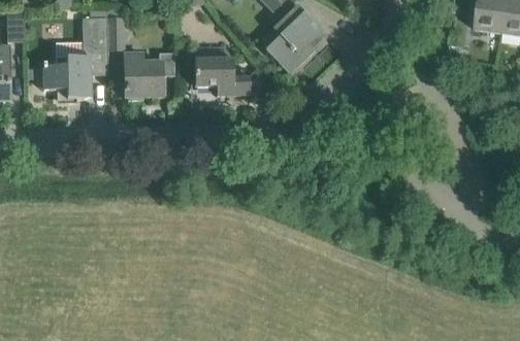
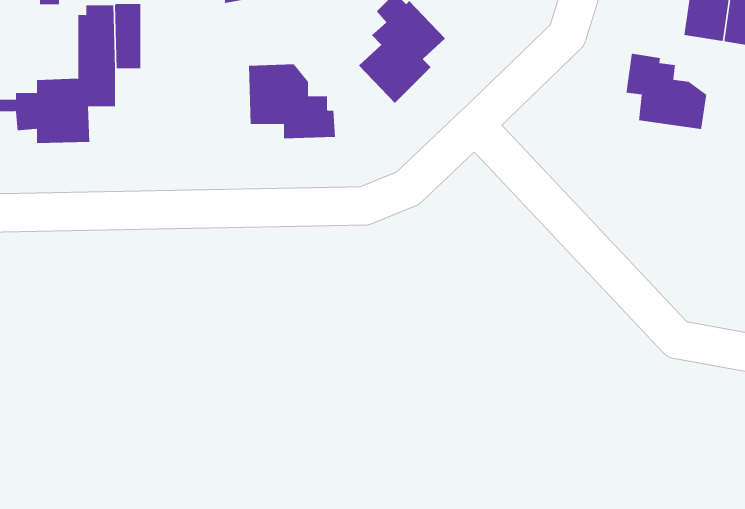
building: none -> [626,53,707,130]
building: [124,53,174,97] -> none

